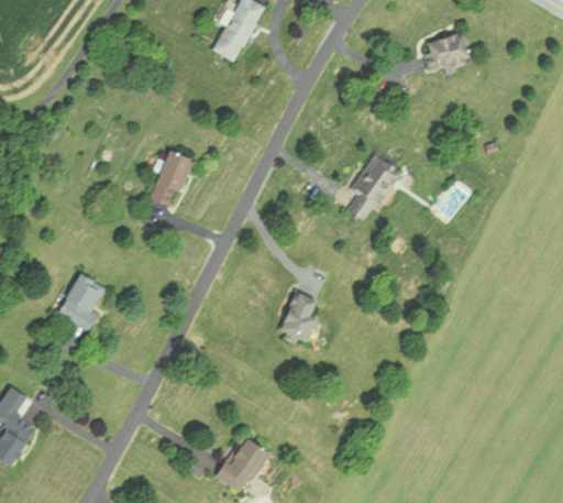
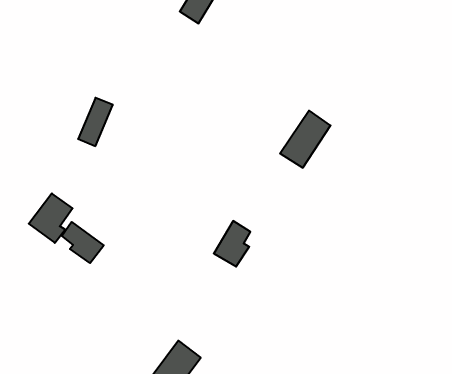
building: [424,31,472,70] -> none
building: [153,152,190,208] -> [78,98,113,146]
building: none -> [62,222,104,263]

